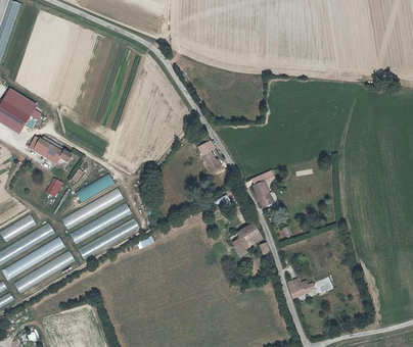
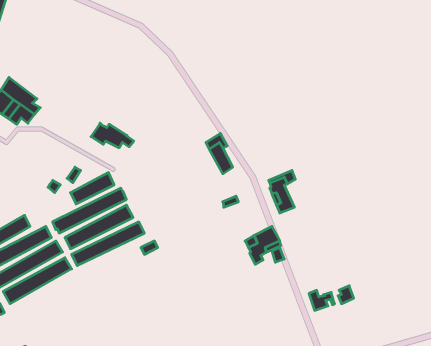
building: [33,138,72,160] -> [91,123,134,148]

